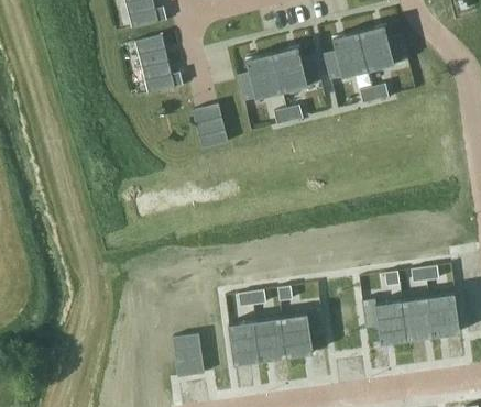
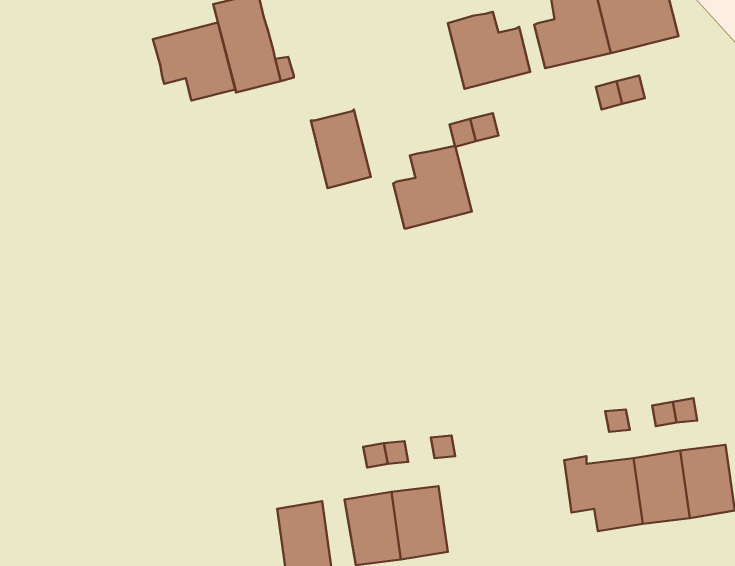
building: none -> [153,23,235,100]
building: [238,52,284,100] -> [393,146,472,229]
building: [269,312,311,362] -> none

